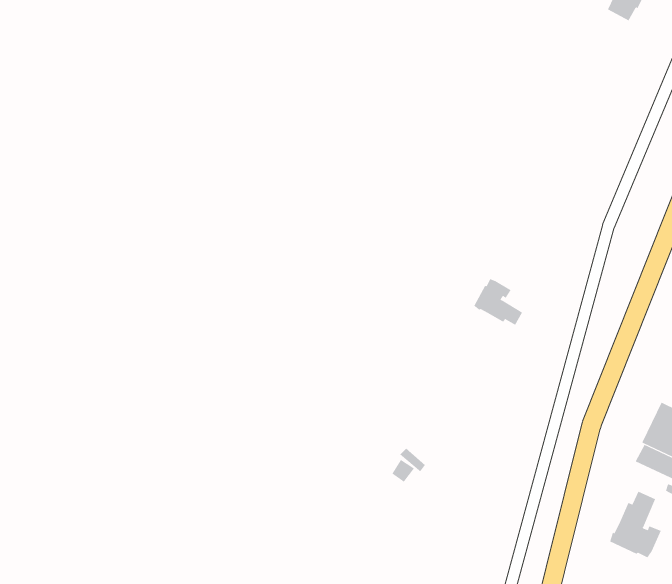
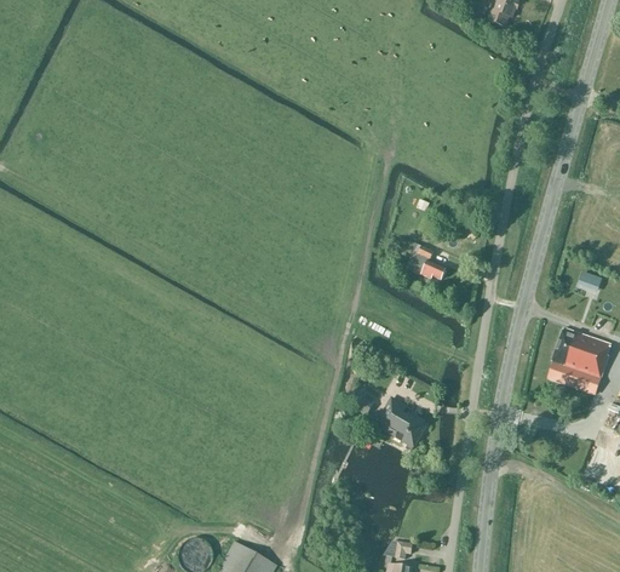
building: none -> [383,400,424,446]
building: [610,491,661,558] -> none

